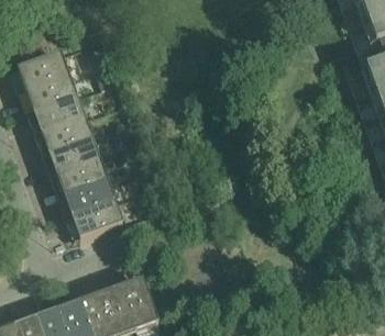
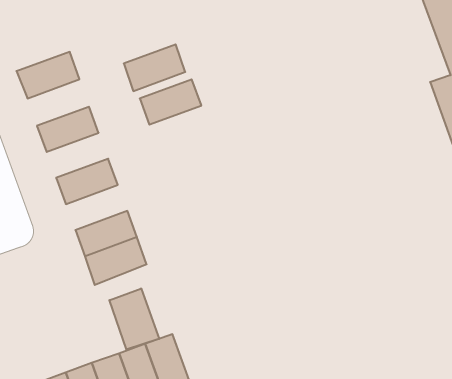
building: [25,70,75,108] -> [124,44,185,91]
building: [41,113,90,149] -> [140,79,201,125]
building: [56,155,106,191] -> none
building: none -> [109,288,159,350]

